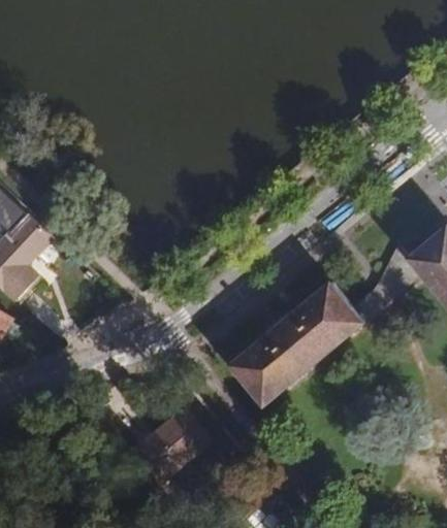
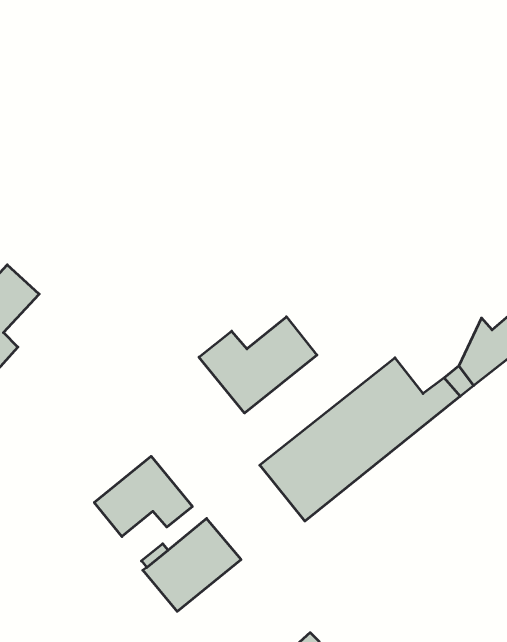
building: none -> [199,317,317,413]
building: none -> [94,456,192,537]

